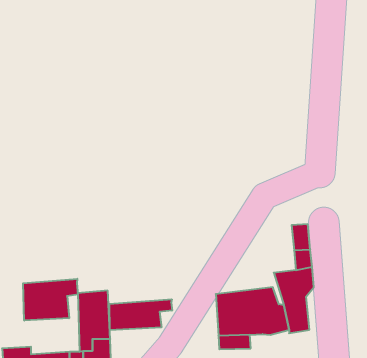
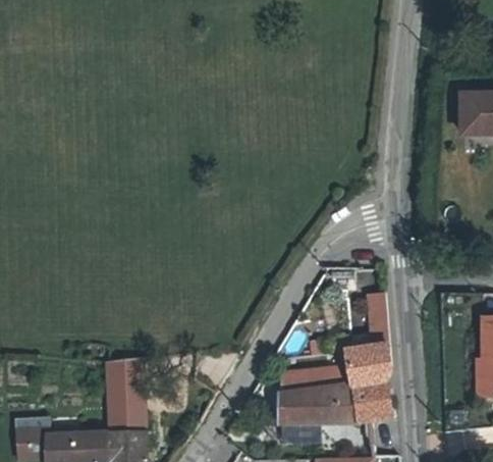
building: [23,279,78,321] -> none
building: [109,299,172,330] -> none

